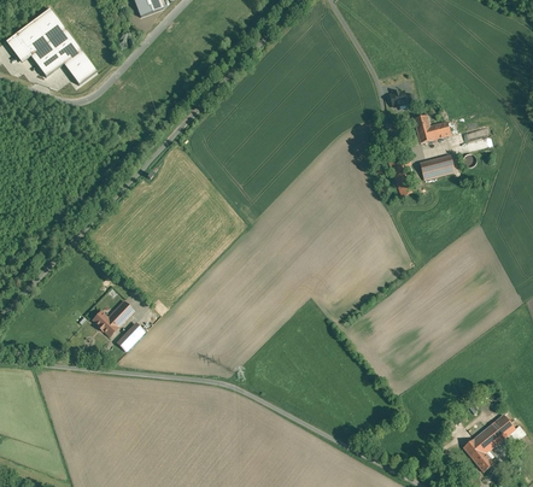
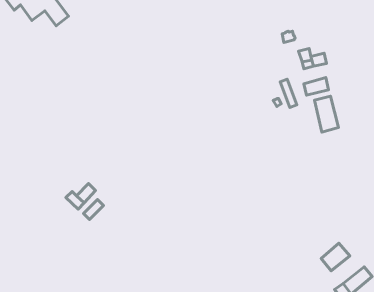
building: none -> [315,96,338,132]
building: none -> [321,243,350,271]

